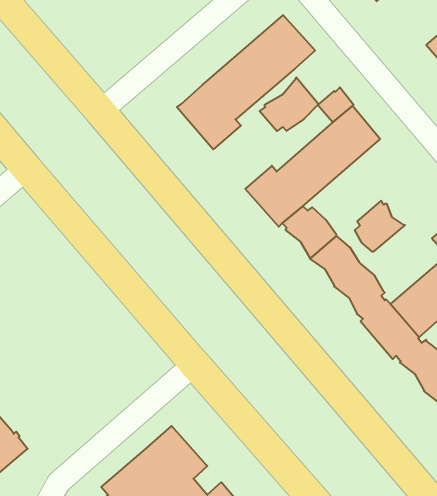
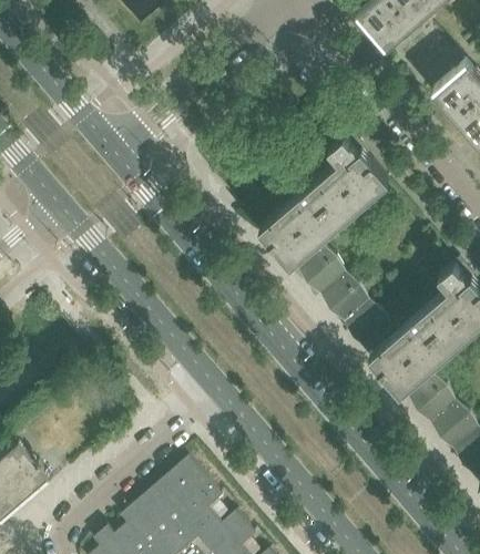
building: [177,15,315,149] -> none
building: [260,77,318,131] -> none
building: [355,201,405,252] -> none

